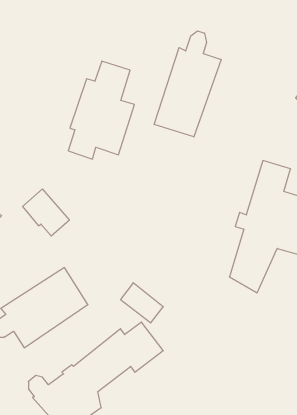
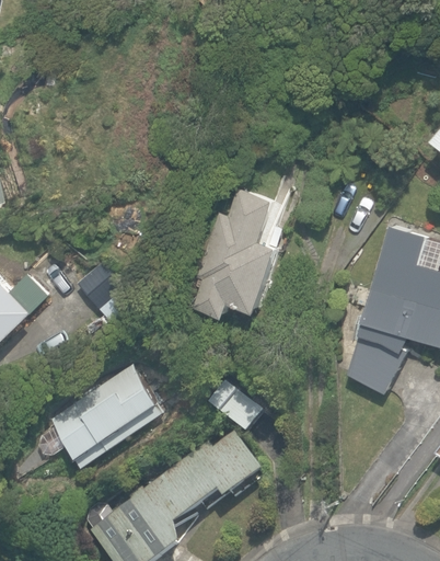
building: [154,31,221,137] -> none
building: [68,61,134,159] -> [194,188,280,317]

